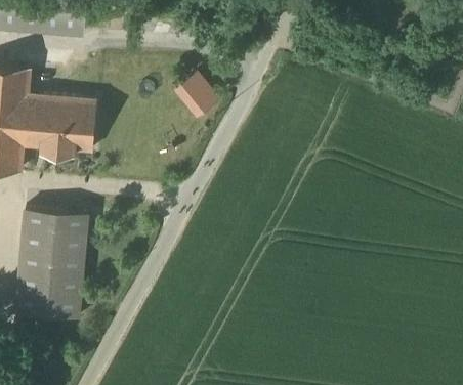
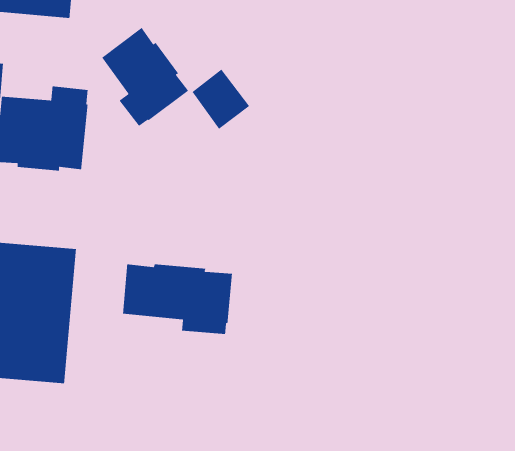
building: none -> [101,27,189,127]
building: none -> [122,263,233,335]

